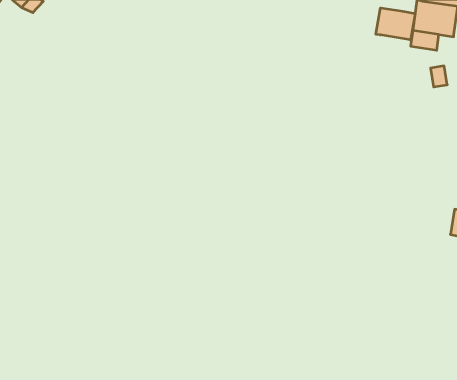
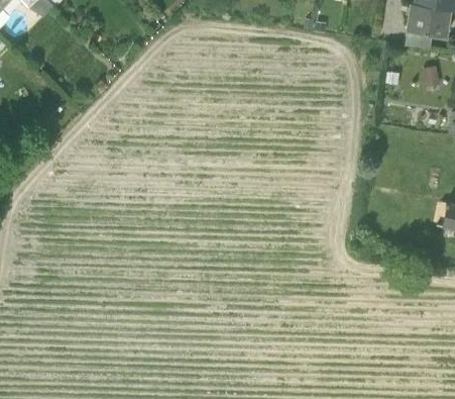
building: [376,8,415,40] -> none

